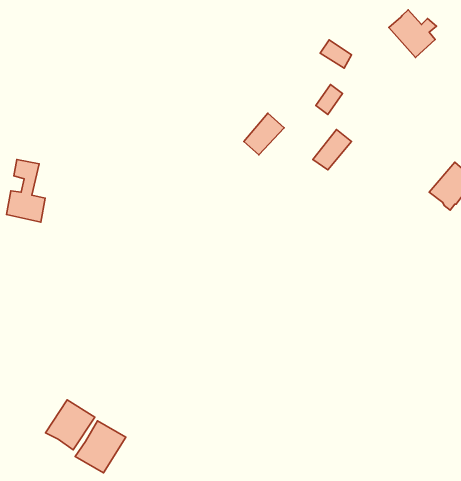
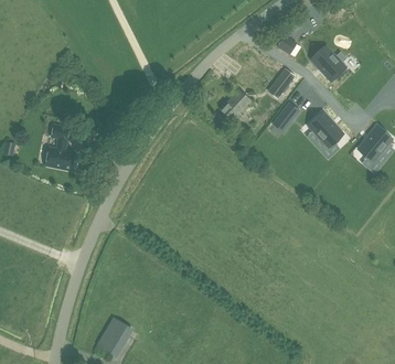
building: [389,10,437,57] -> [311,46,346,82]
building: none -> [308,113,343,148]
building: [46,400,95,450] -> none

